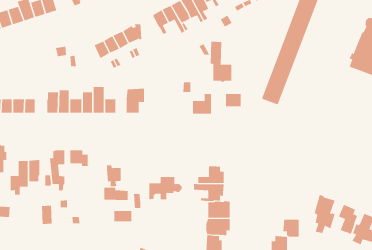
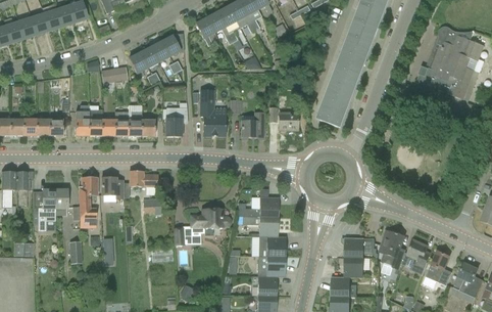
building: [210,41,232,82] -> [199,90,225,137]
building: [104,187,129,201] -> [129,171,157,186]
building: none -> [342,237,375,258]

